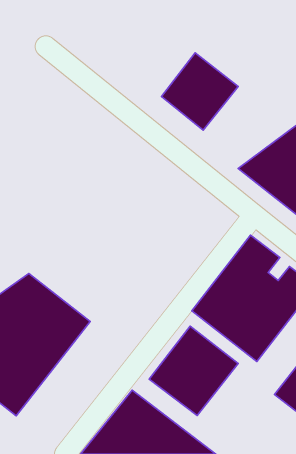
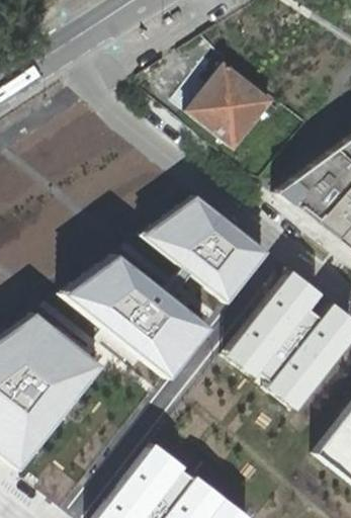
building: none -> [144,196,268,304]
building: none -> [61,253,207,378]
building: [149,326,238,415] -> none

